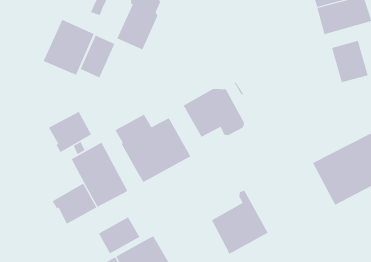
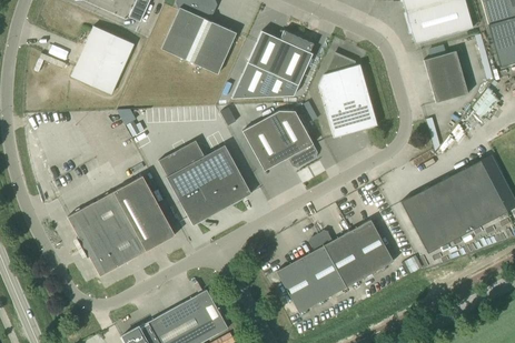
building: none -> [230,30,313,98]
building: [80,35,115,78] -> [192,21,236,74]
building: none -> [318,53,376,138]
building: [48,111,92,153] -> [67,196,120,248]
building: none -> [317,219,393,286]
building: [98,217,140,254] -> none

